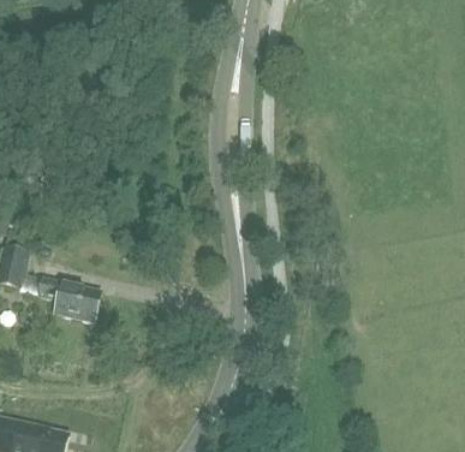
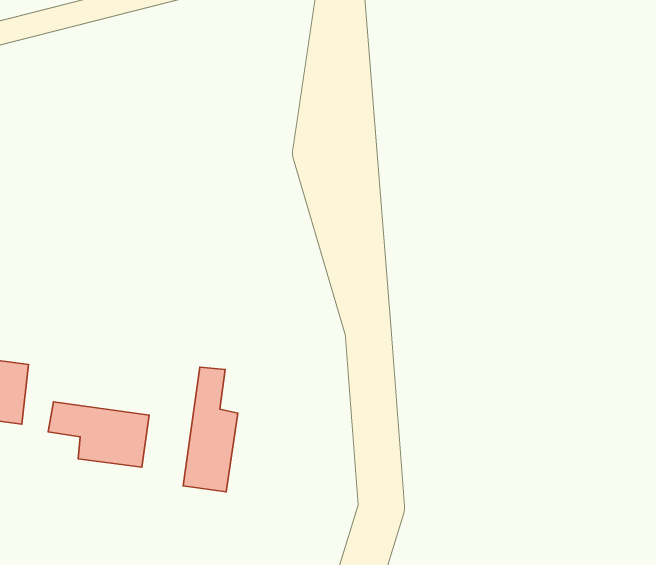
building: none -> [183,367,238,492]

